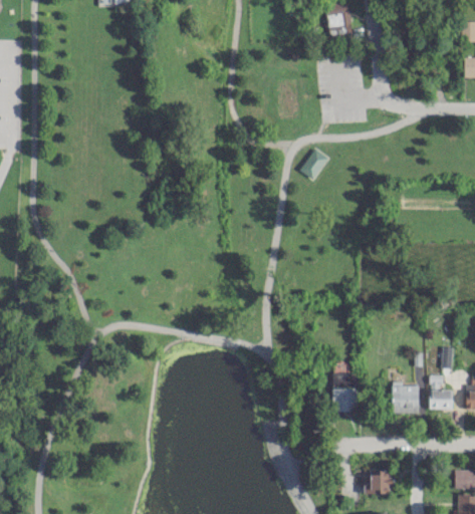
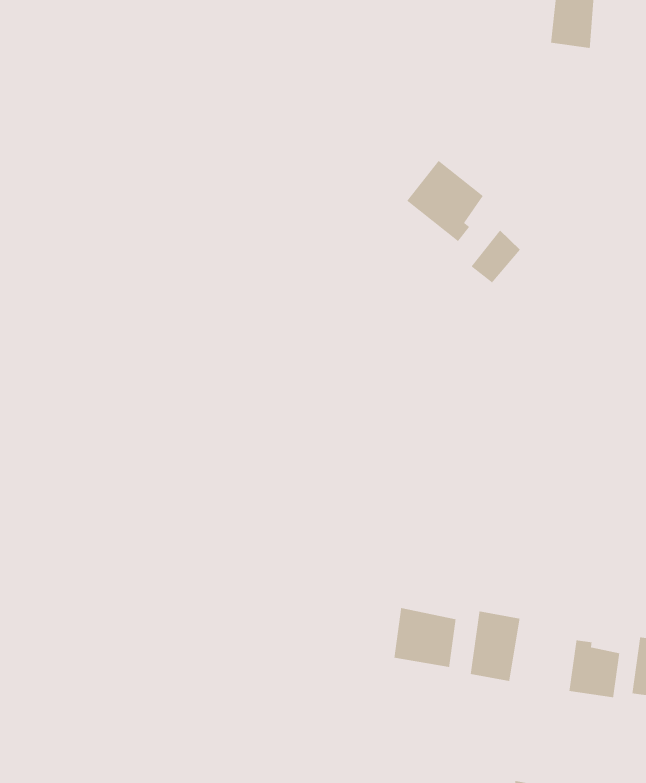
building: none -> [406,160,484,242]
building: none -> [393,607,457,668]

